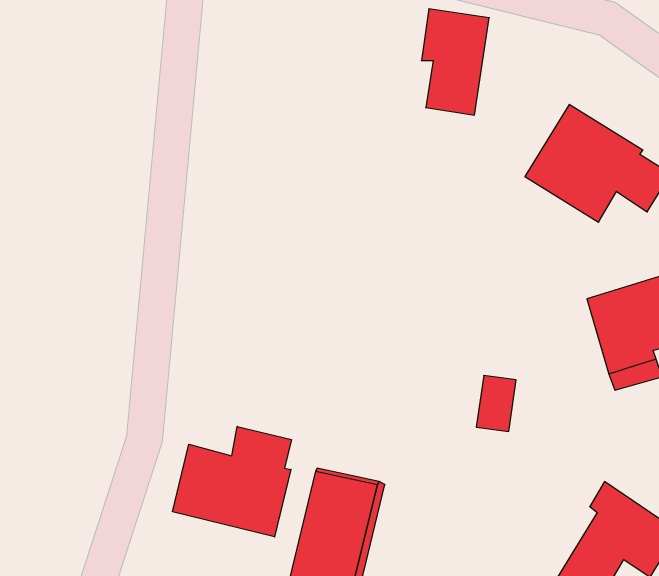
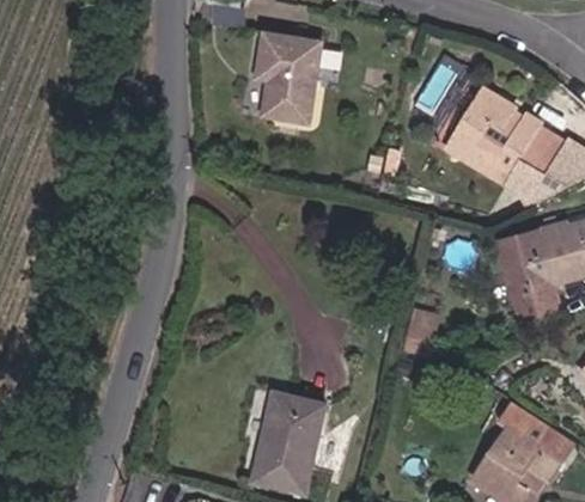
building: [421,9,489,115] -> [260,37,315,123]
building: [173,426,291,537] -> none

